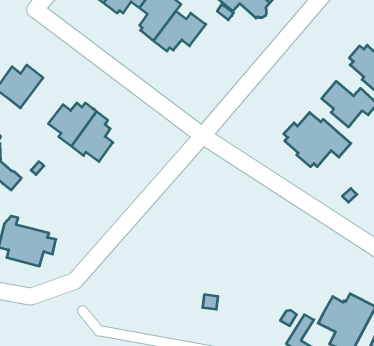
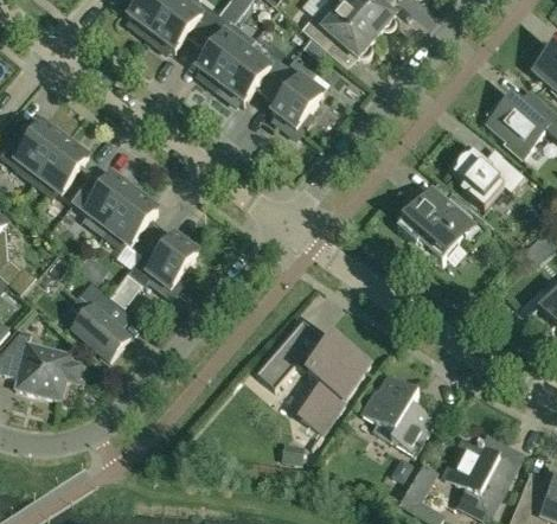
building: none -> [267,58,324,136]
building: none -> [34,140,92,203]
building: none -> [129,229,198,296]
building: none -> [71,281,130,359]
building: none -> [257,320,371,432]
building: none -> [361,376,436,454]

